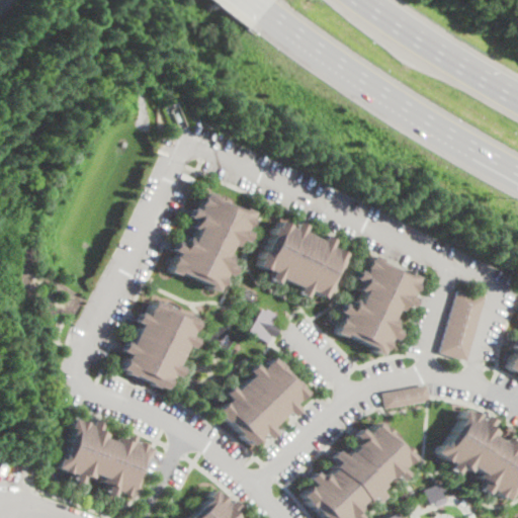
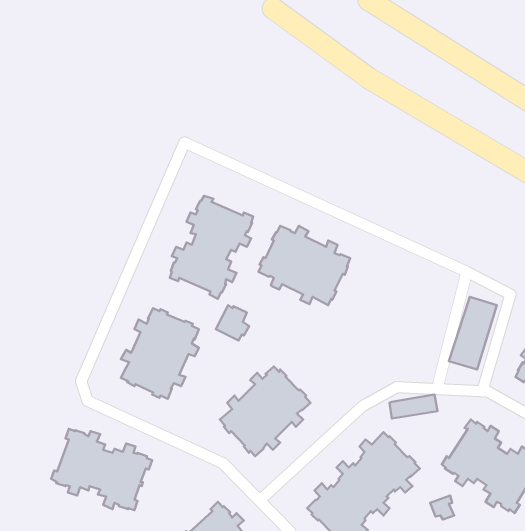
building: [337,255,421,355] -> none
building: [250,308,282,342] -> [216,305,249,341]

